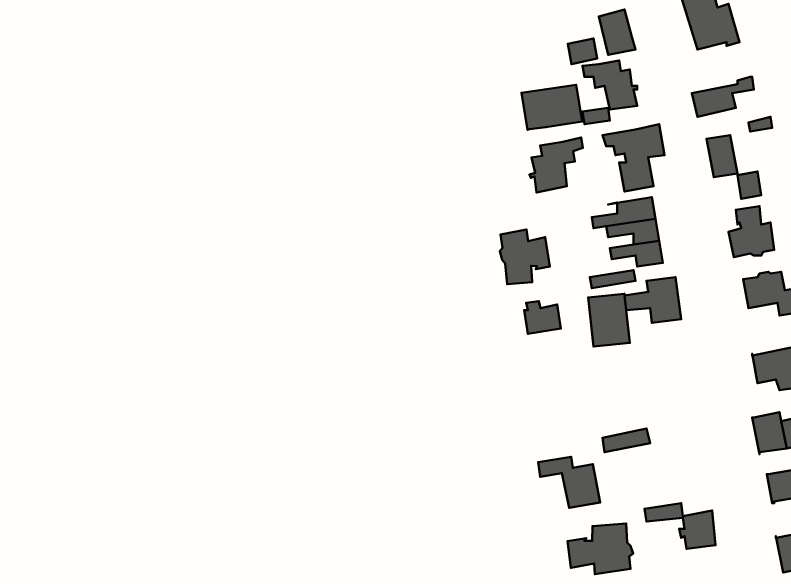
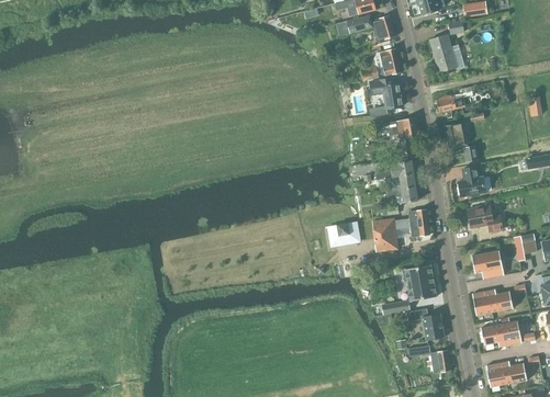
building: [521,85,582,130] -> none
building: [529,138,583,192] -> none
building: [500,230,550,284] -> none
building: none -> [402,264,436,302]
building: [538,457,600,508] -> [407,309,445,340]
building: [567,524,633,574] -> none

